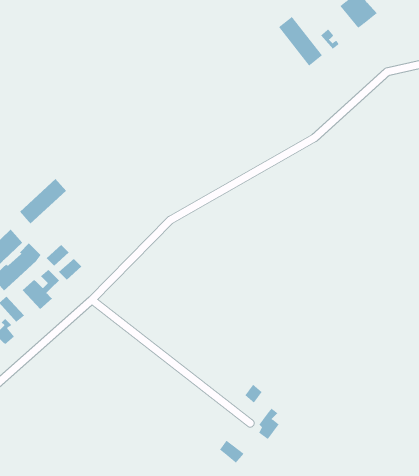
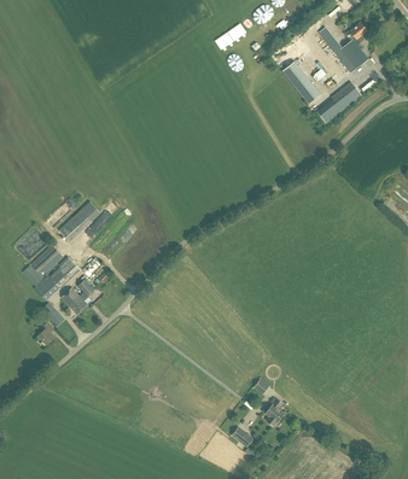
building: none -> [316,81,361,122]

